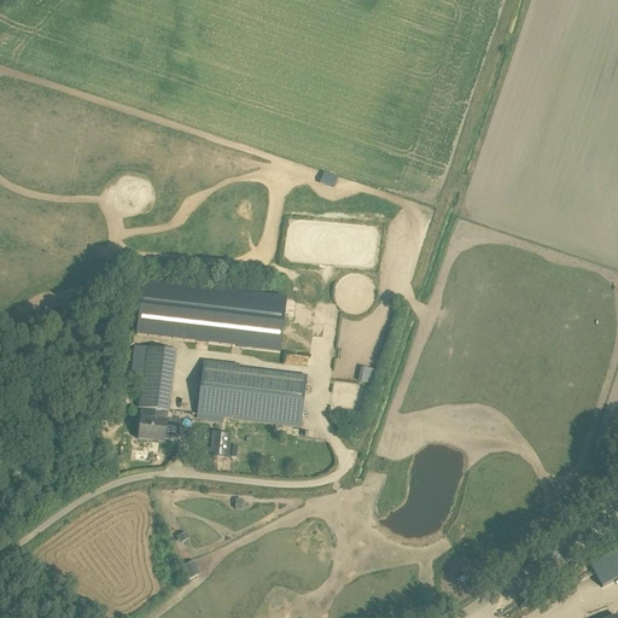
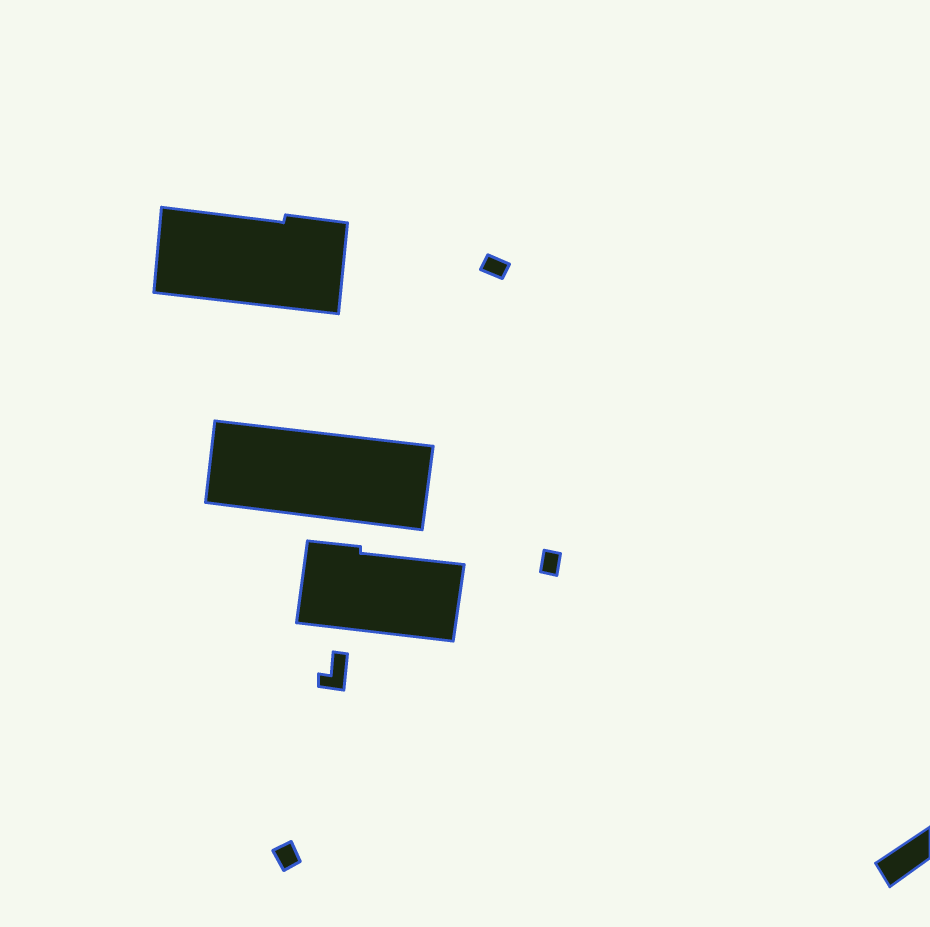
building: none -> [154,207,348,314]
building: [130,344,176,441] -> none

